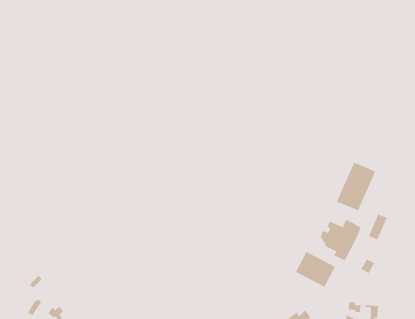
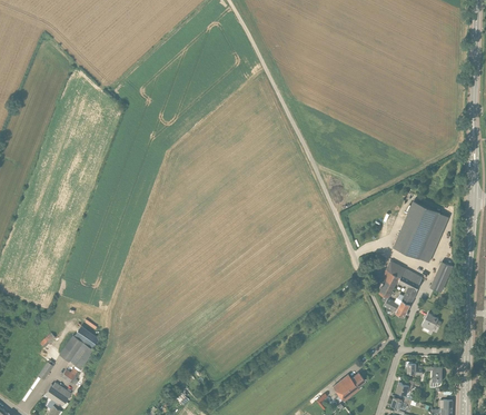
building: [295,251,336,288] -> none
building: none -> [59,336,95,369]

